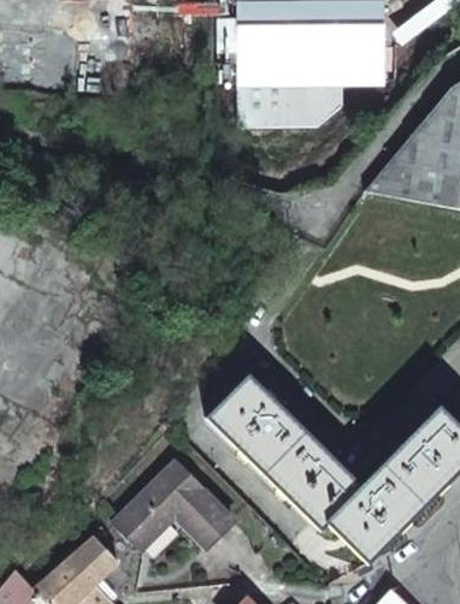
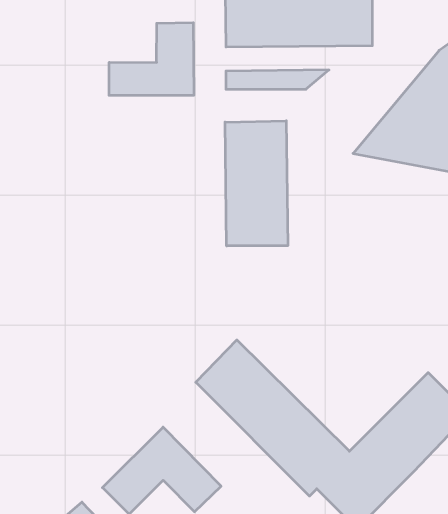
building: none -> [109,23,194,95]
building: none -> [225,121,288,246]

